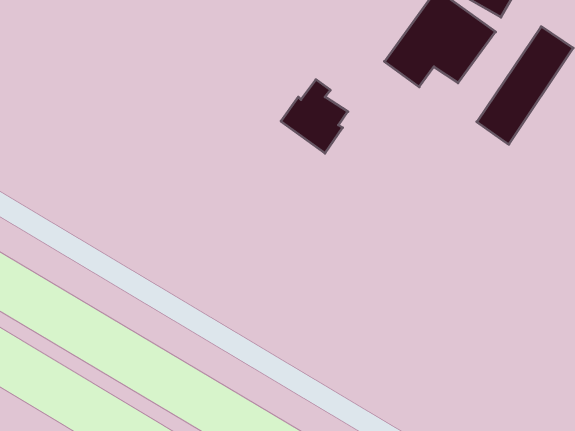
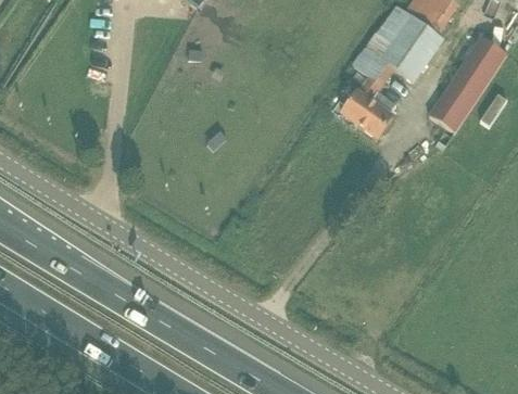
building: [281,80,348,153] -> [342,76,396,136]

